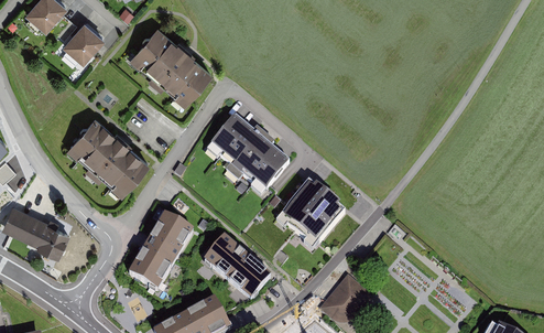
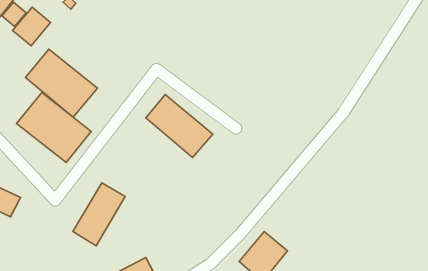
building: [129,23,210,100] -> [25,49,97,117]
building: [274,178,344,247] -> none
building: [205,237,269,297] -> none

